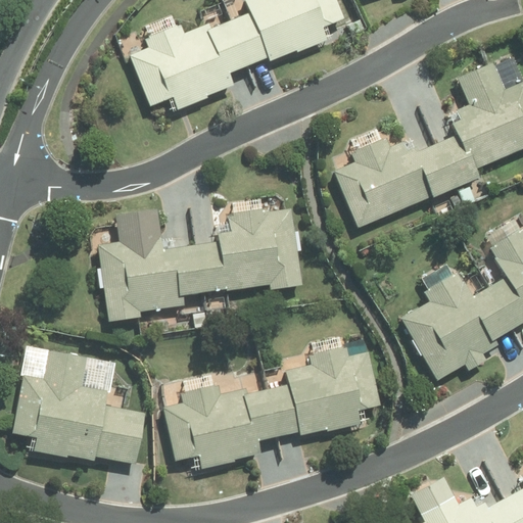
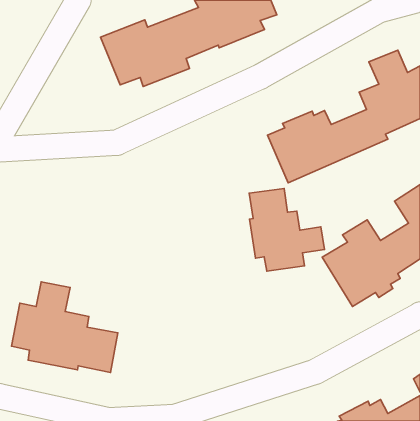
building: [99,207,304,321] -> none
building: none -> [249,188,324,271]
building: [161,345,378,467] -> none

